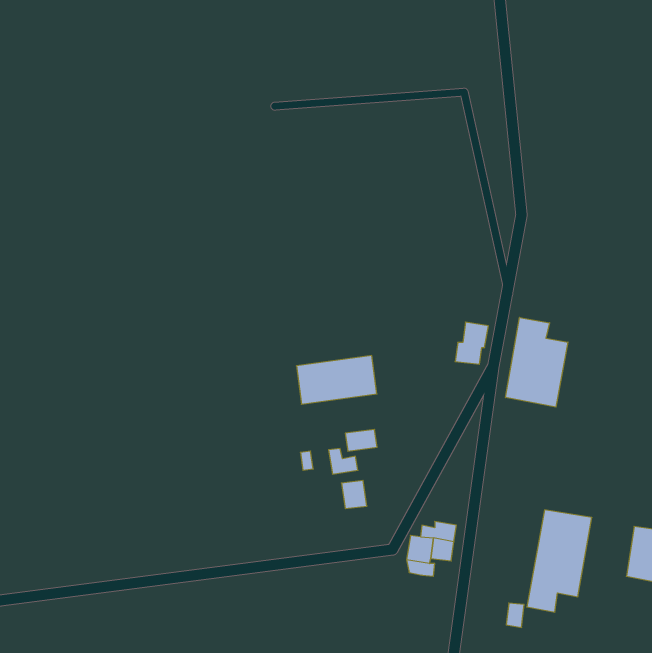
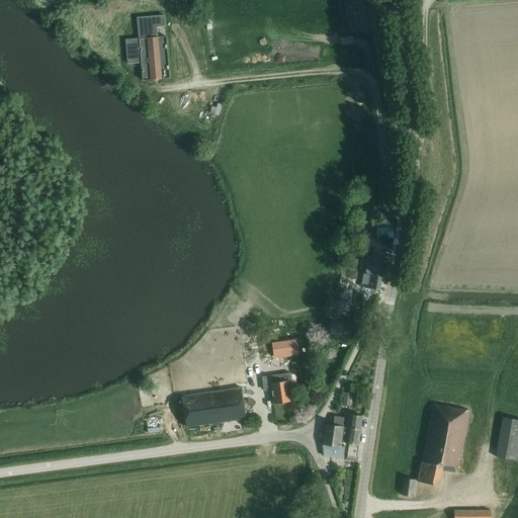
building: none -> [126,15,170,80]
building: [506,317,568,407] -> none
building: [296,356,377,404] -> [182,387,246,426]

